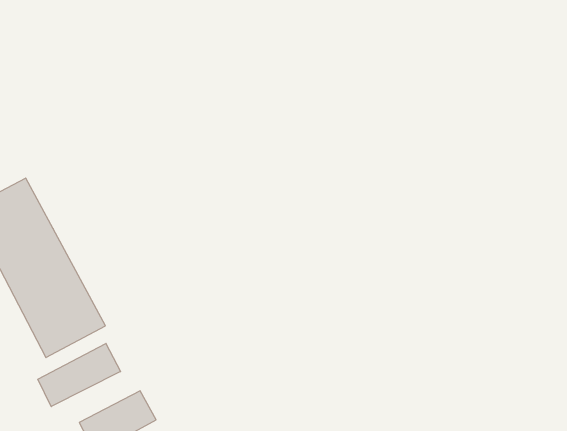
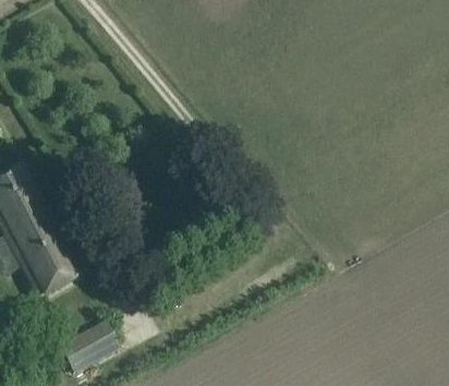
building: [38,343,121,407] -> none

